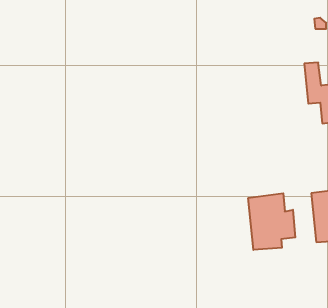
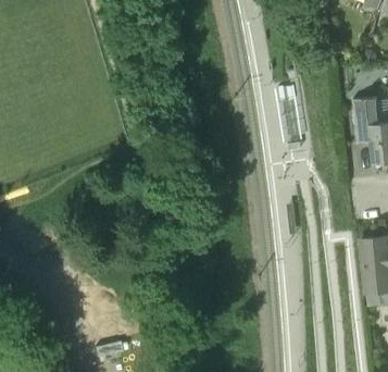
building: [248,193,295,250] -> none

